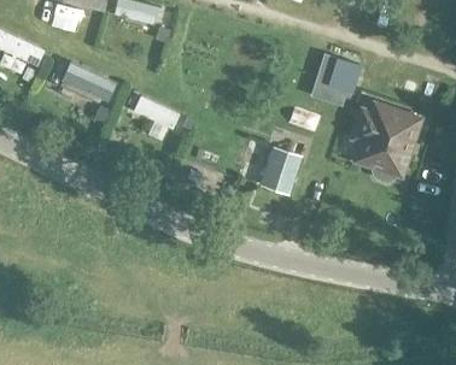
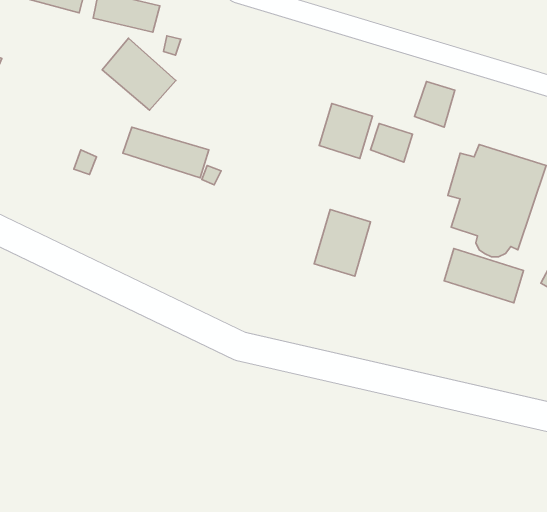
building: [55,54,106,104] -> [102,38,176,110]
building: none -> [319,103,373,158]
building: none -> [444,248,523,303]

